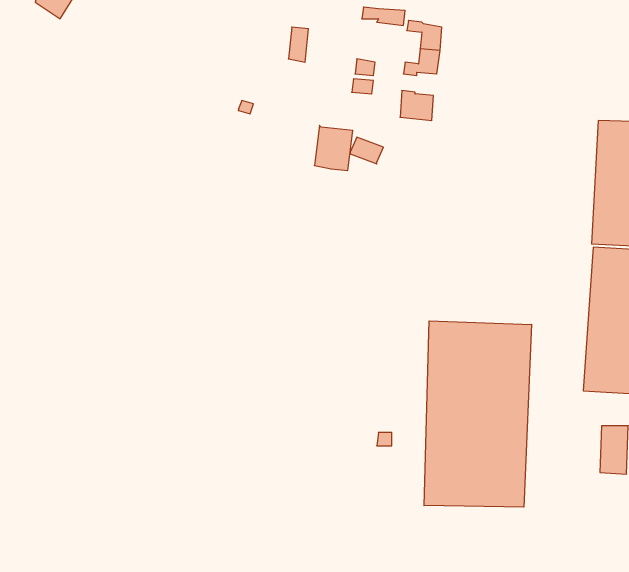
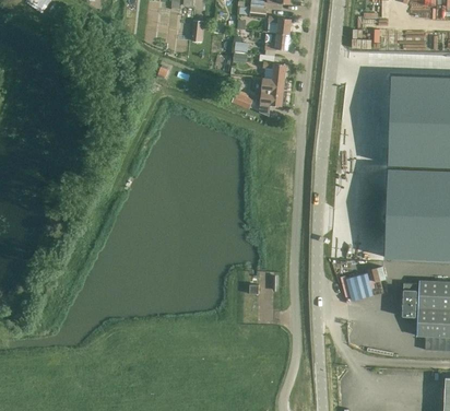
building: [314,125,353,171] -> [259,77,284,106]
building: [424,321,532,507] -> none

